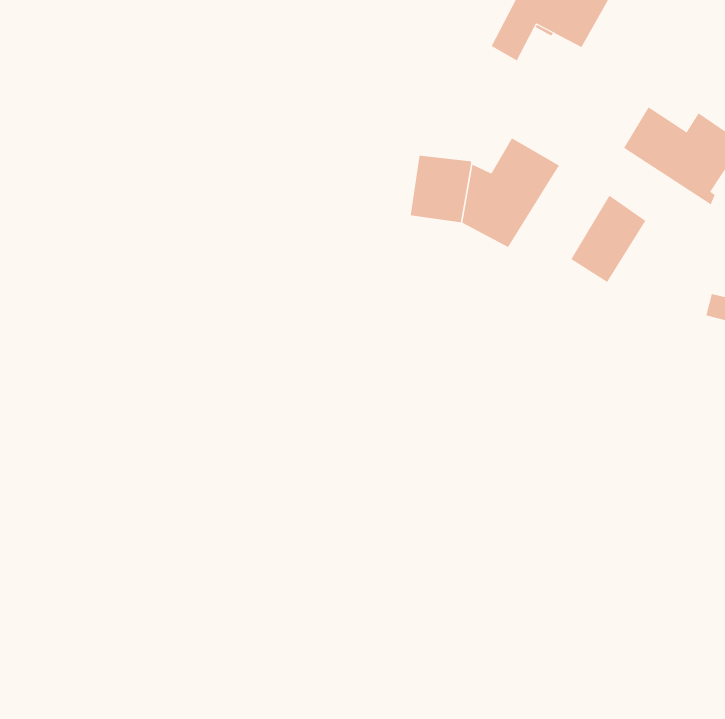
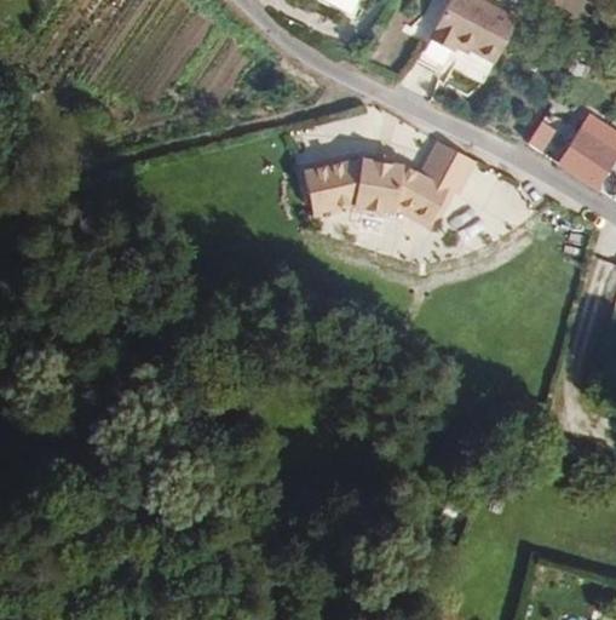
building: none -> [303,153,359,212]
building: [570,195,646,283] -> none

